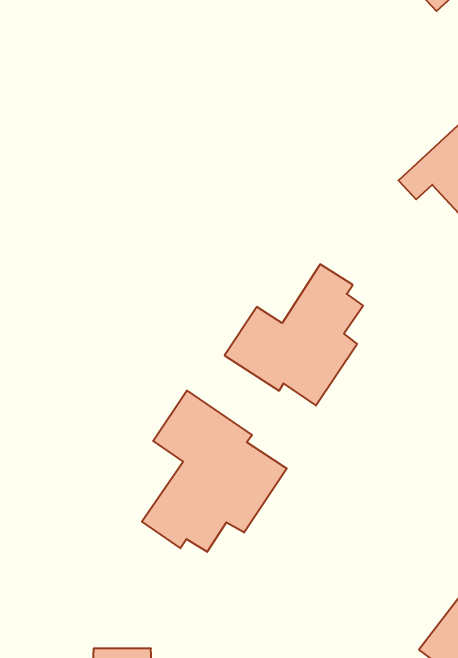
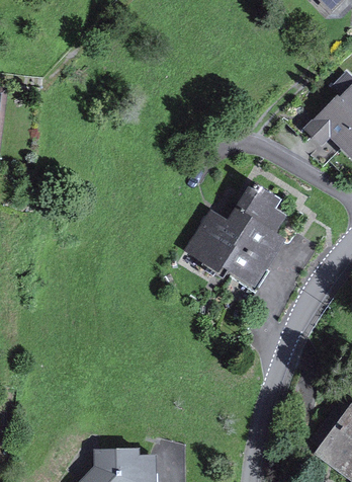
building: [142,391,287,552] -> none

